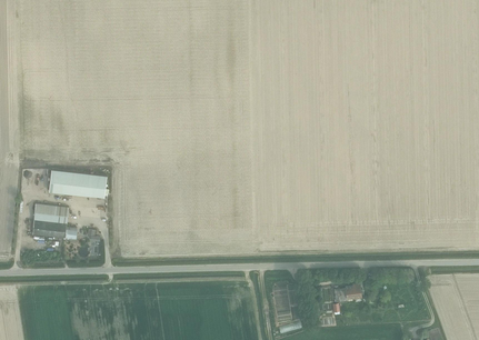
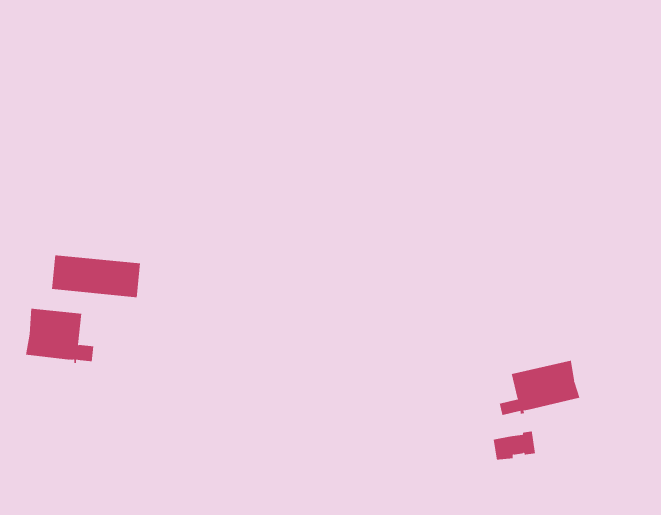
building: none -> [499,360,580,416]

